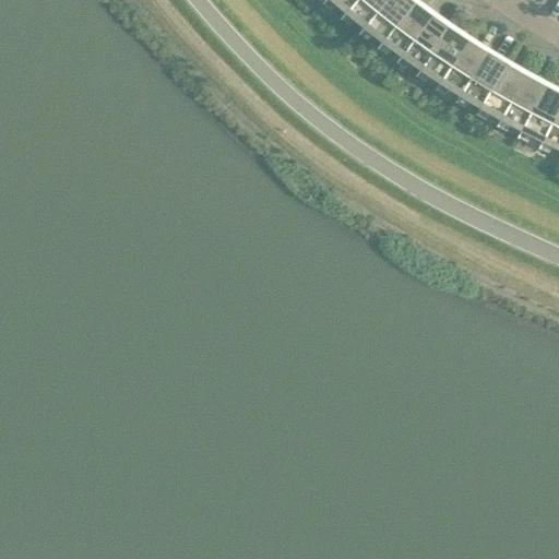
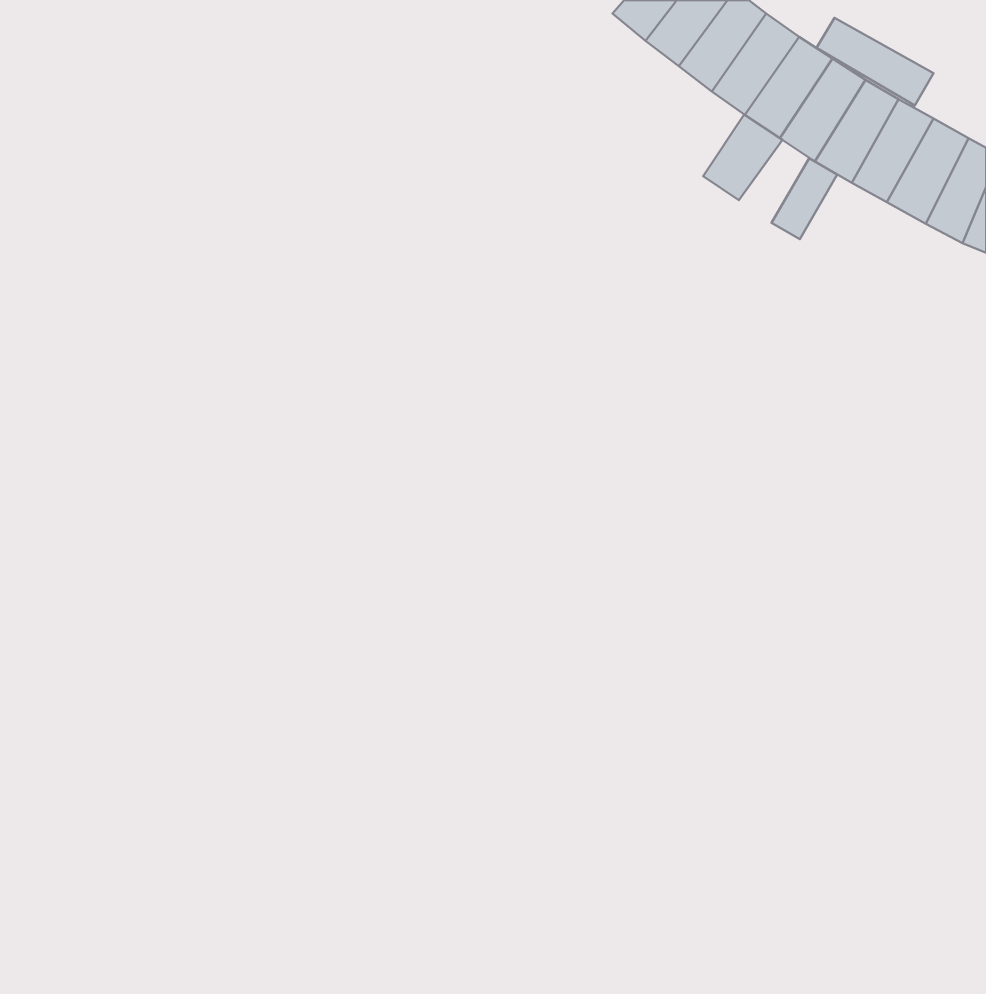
building: none -> [816,18,934,106]
building: none -> [703,115,783,200]
building: none -> [772,158,837,239]

